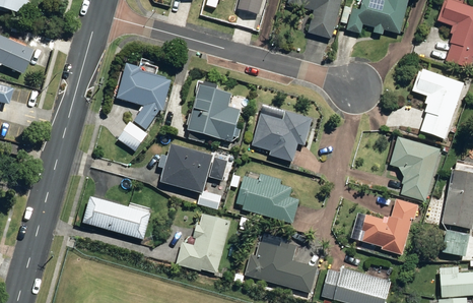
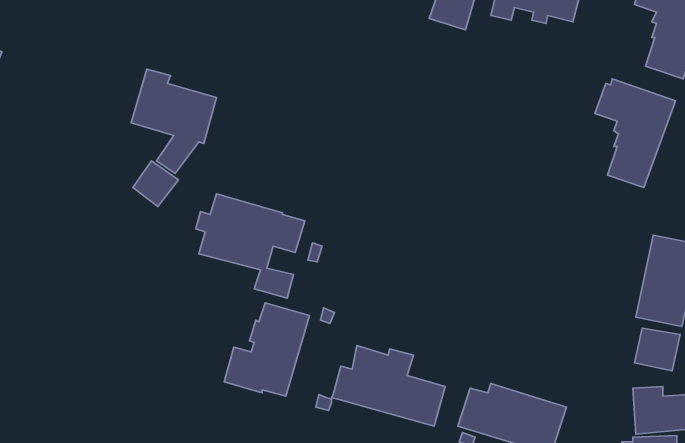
building: [187,84,241,141] -> none
building: [251,108,312,161] -> none
building: [389,135,438,200] -> none
building: [234,173,297,223] -> none
building: [81,195,149,239] -> none
building: [360,197,418,253] -> none

